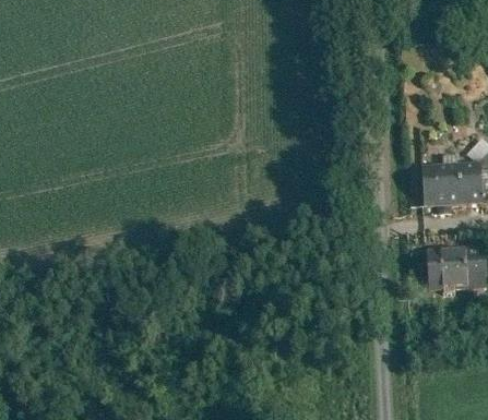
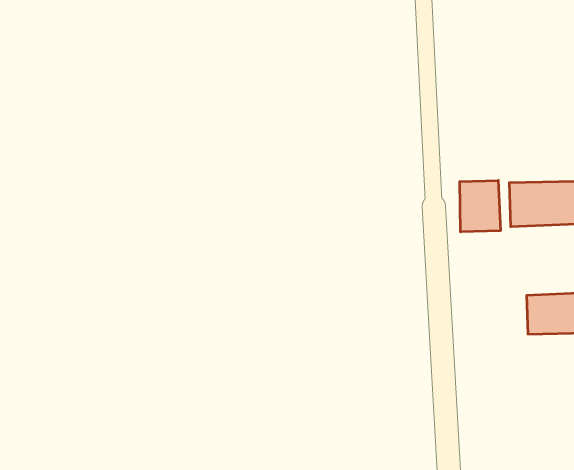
building: none -> [460,180,500,232]

